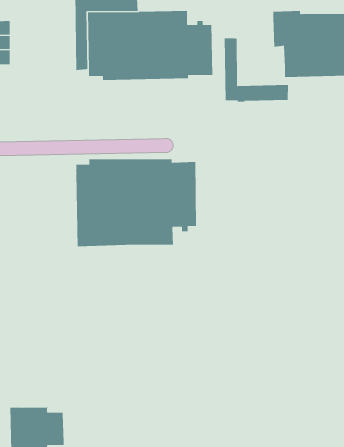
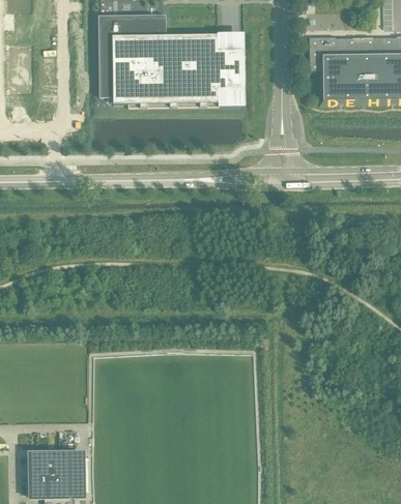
building: [224,37,289,102] -> none
building: [76,158,197,247] -> none

